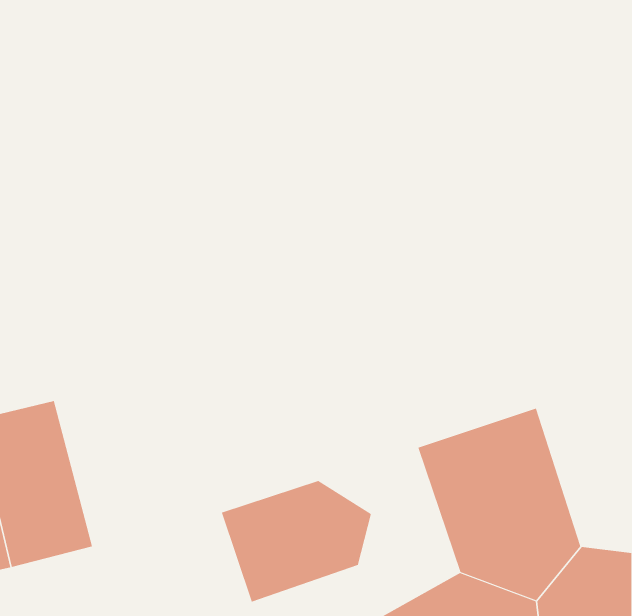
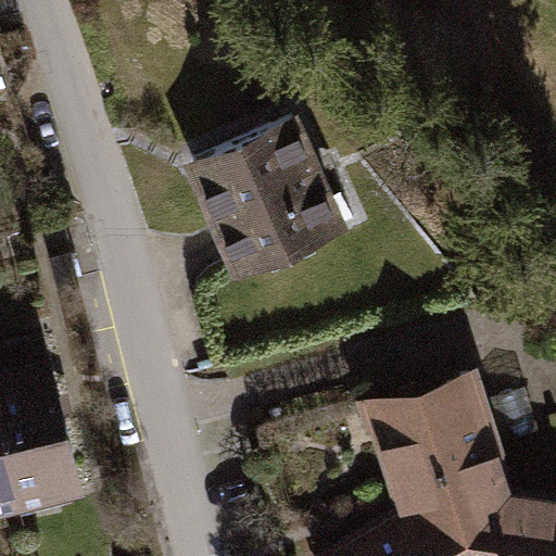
building: none -> [190,127,345,285]
building: [221,480,371,602] -> none

